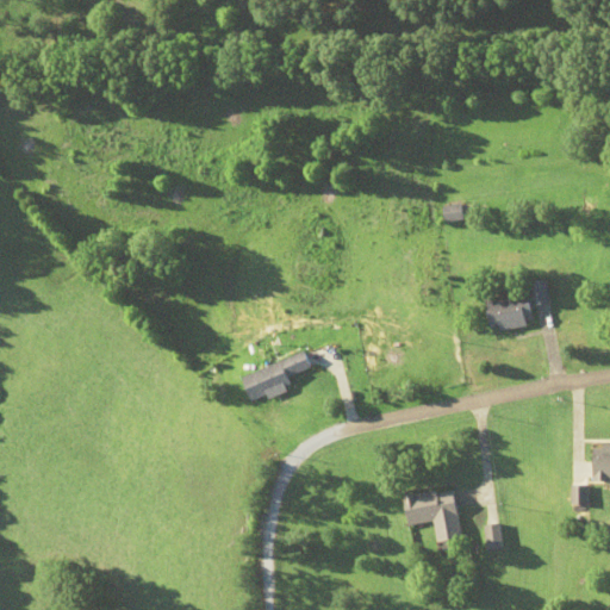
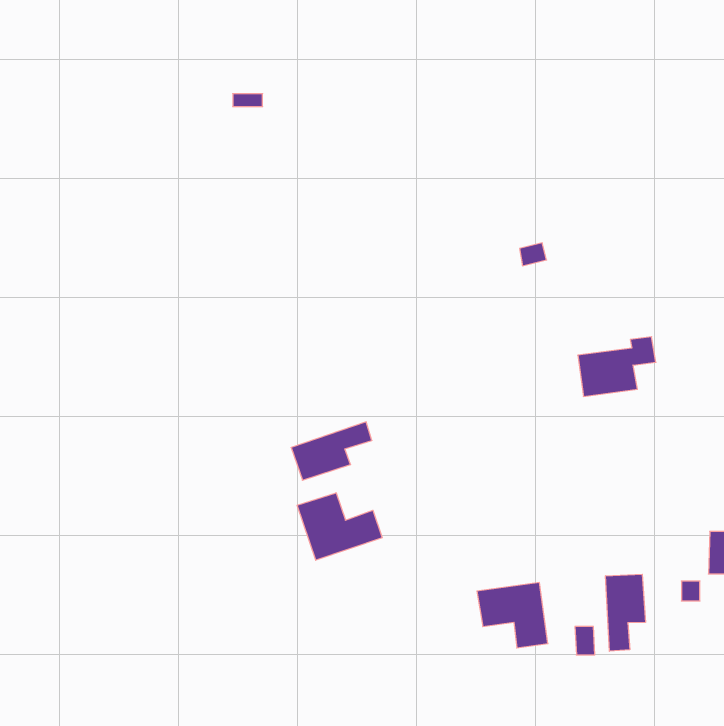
building: none -> [297,493,382,560]
building: none -> [606,574,645,651]

